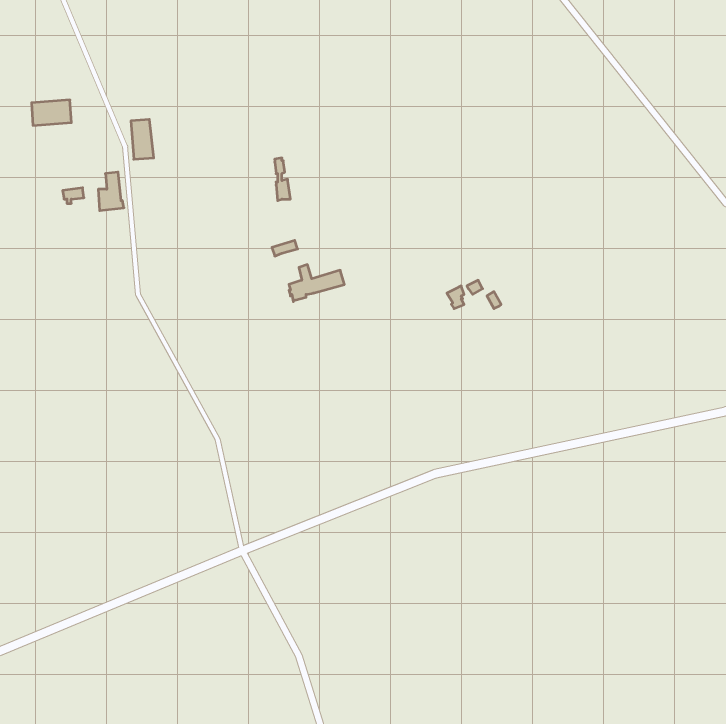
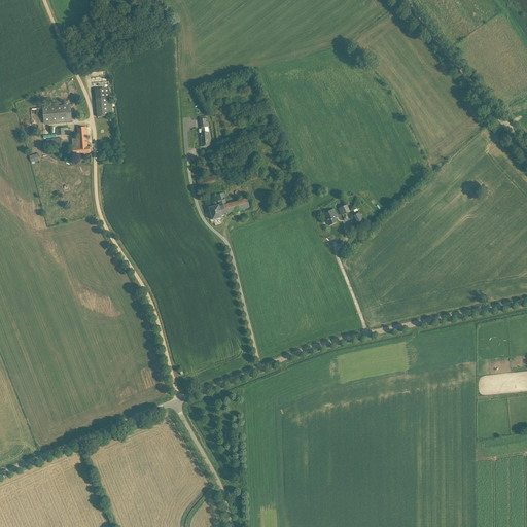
building: [32,100,71,125] -> [42,103,71,121]

